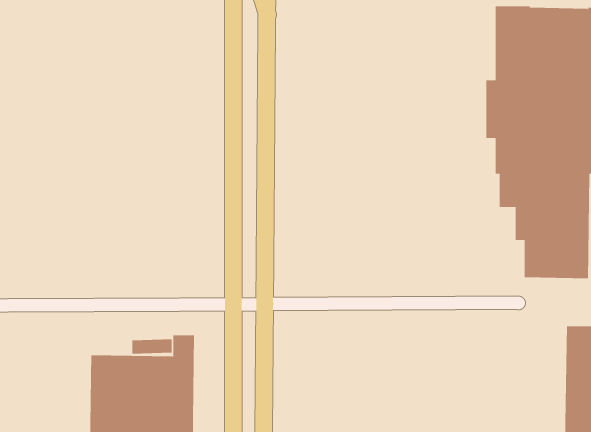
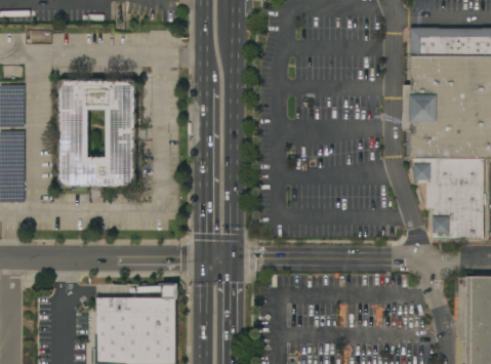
building: none -> [57,78,136,197]

